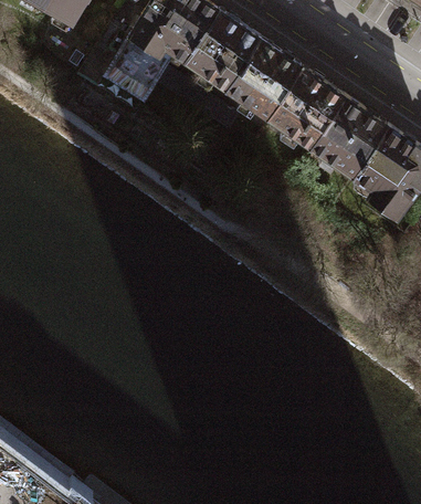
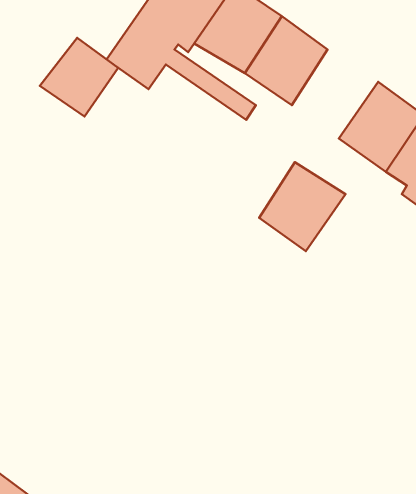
building: none -> [40,38,118,117]
building: [272,69,349,148] -> [259,162,346,251]

